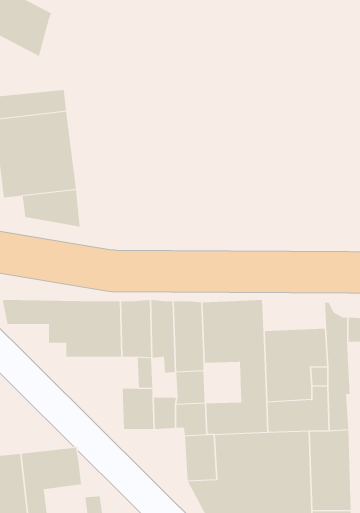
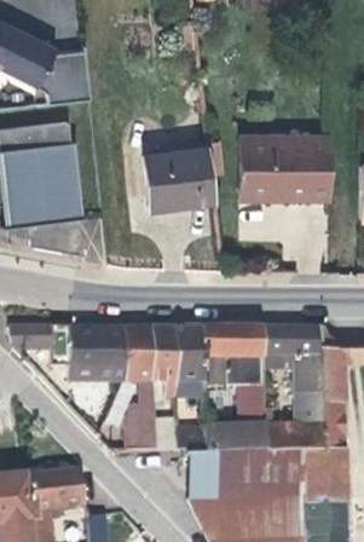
building: none -> [45,50,92,104]
building: none -> [242,134,330,198]
building: none -> [144,148,213,207]
building: none -> [261,324,322,354]

